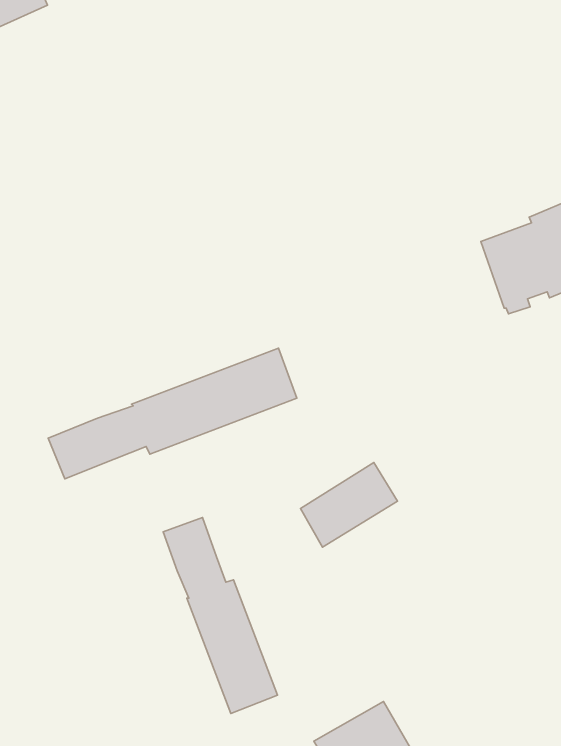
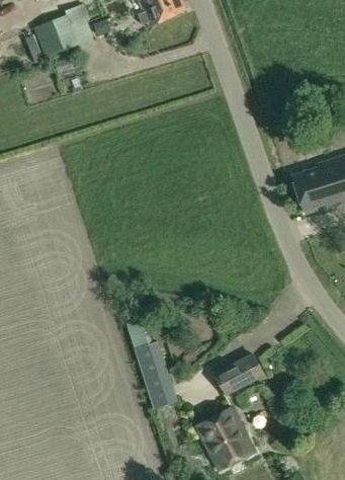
building: [48,348,297,479] -> none
building: [300,463,398,547] -> [215,352,265,394]

